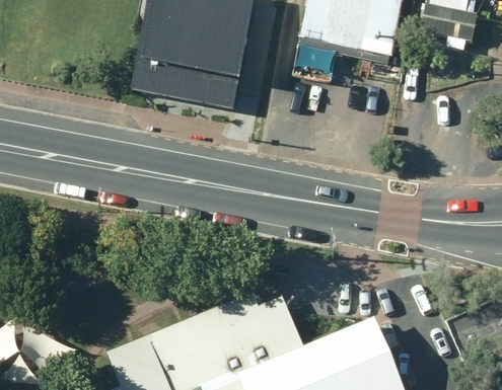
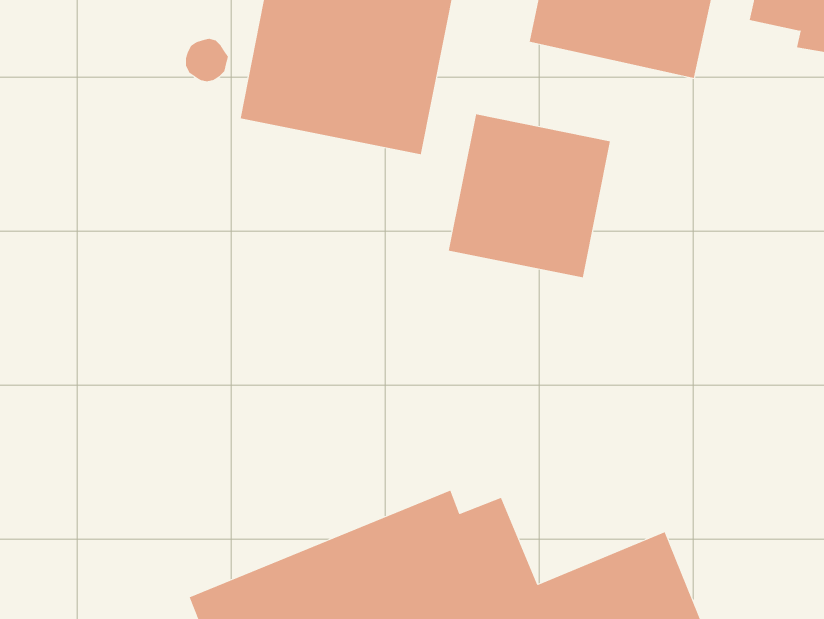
building: none -> [448,114,610,278]

